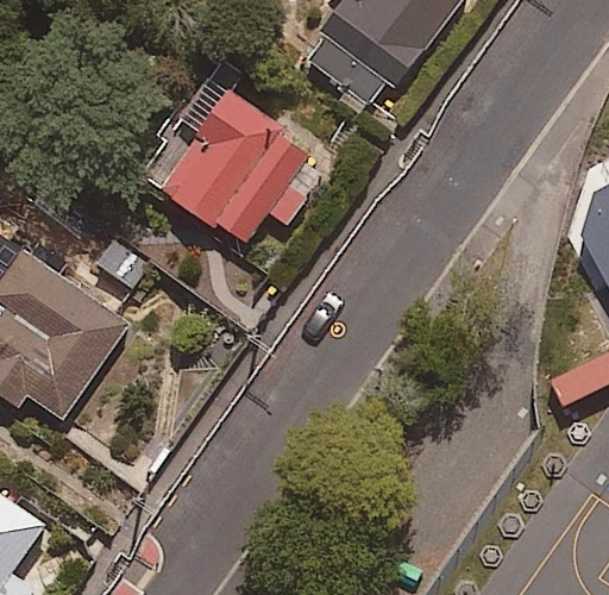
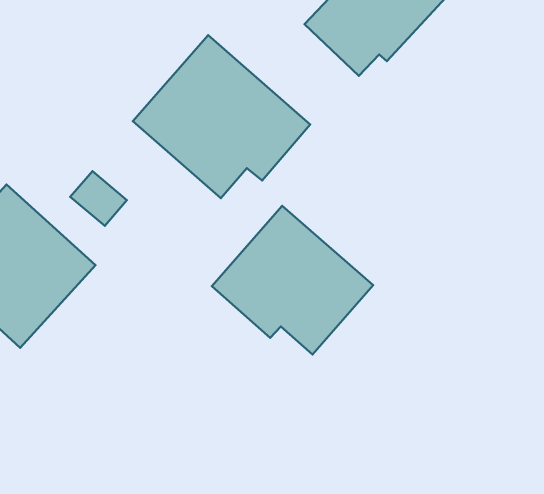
building: none -> [212,206,373,354]

